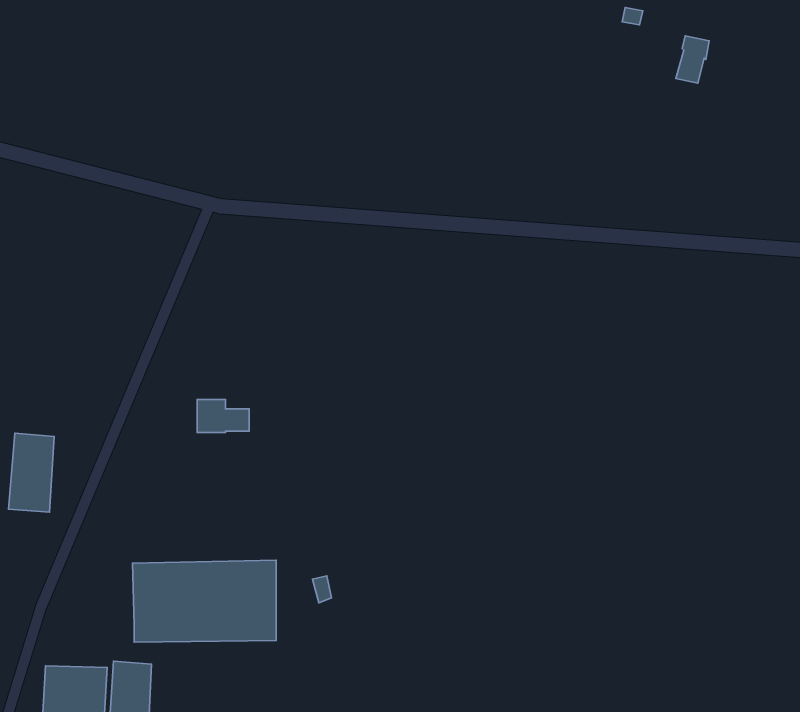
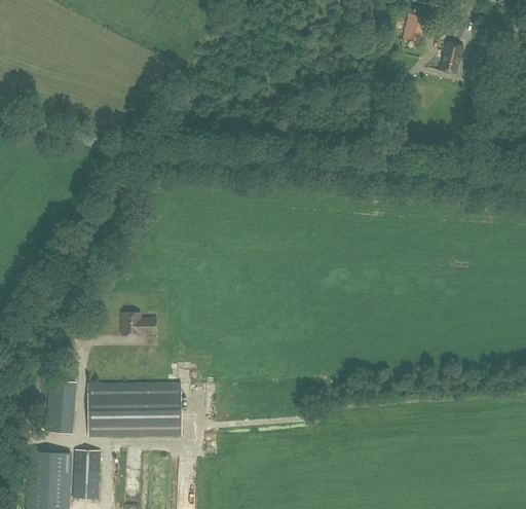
building: [197,399,249,433] -> [120,313,154,334]
building: [9,433,54,512] -> [44,380,74,432]

